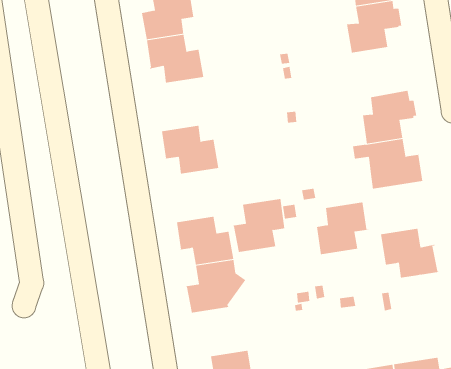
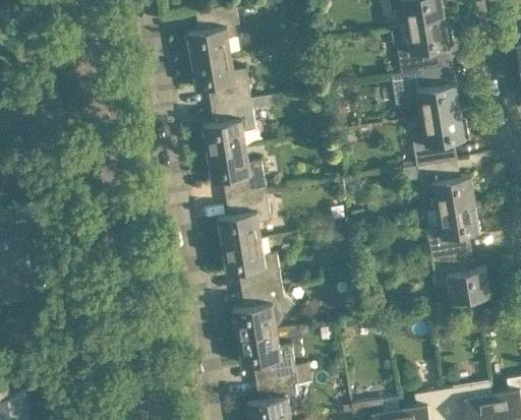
building: none -> [392,67,458,118]
building: none -> [200,98,255,153]
building: [232,198,285,252] -> [216,190,270,245]
building: [316,202,369,255] -> [425,203,479,257]
building: none -> [237,332,295,381]

